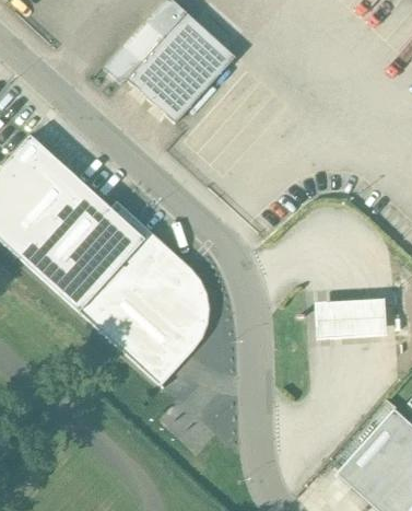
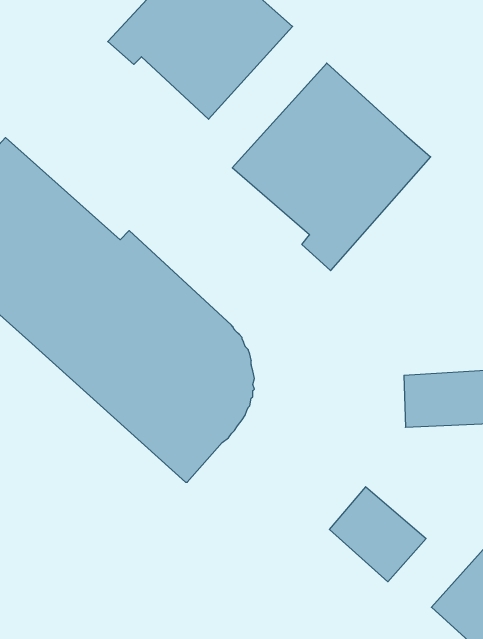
building: none -> [232,63,431,271]
building: none -> [329,487,426,582]

